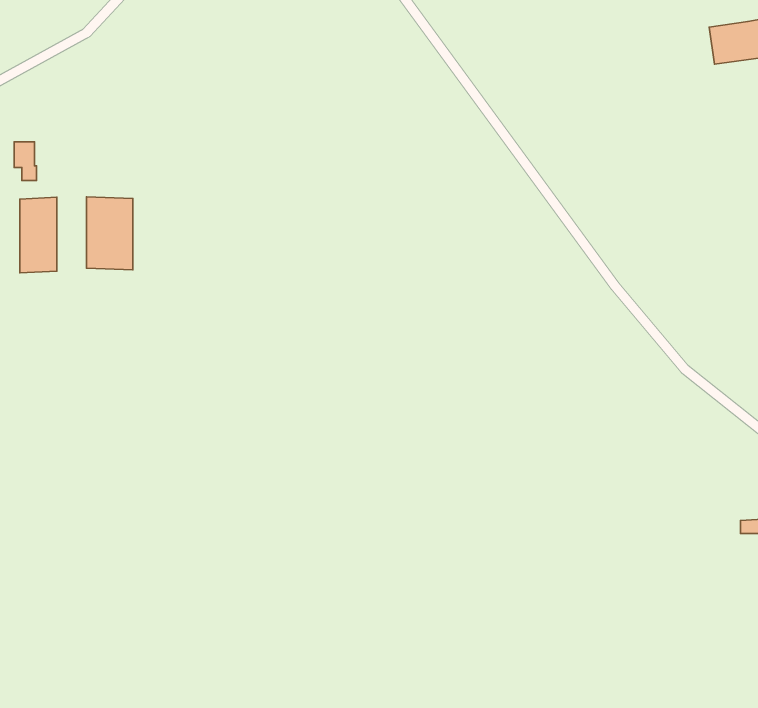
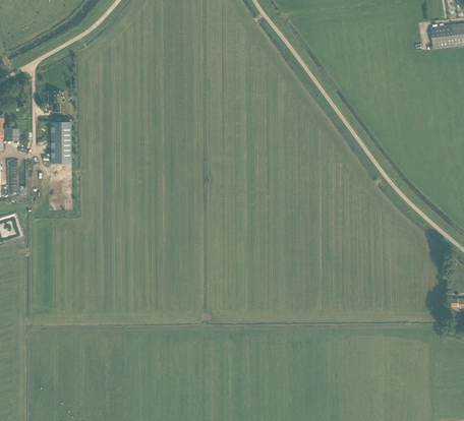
building: [87,197,133,270] -> none

